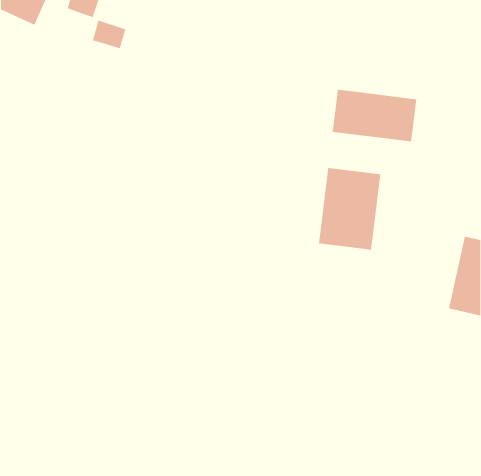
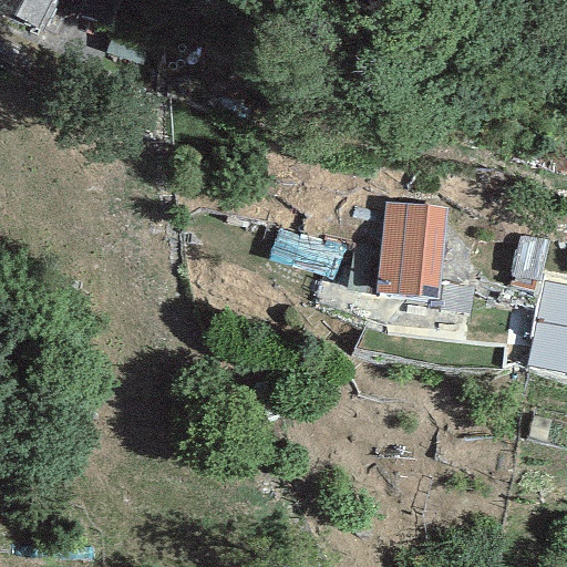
building: [332,89,417,142] -> none

